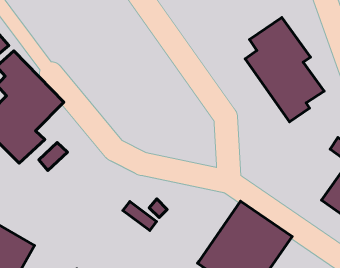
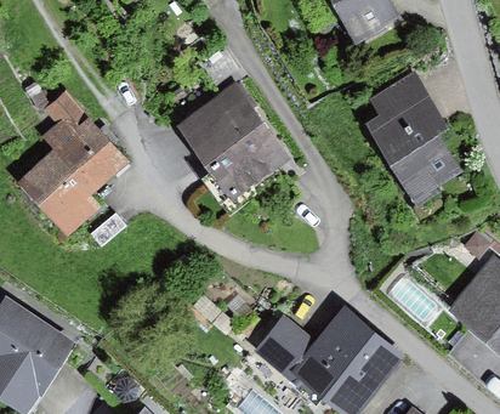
building: none -> [174,79,291,204]
building: none -> [254,314,317,379]

